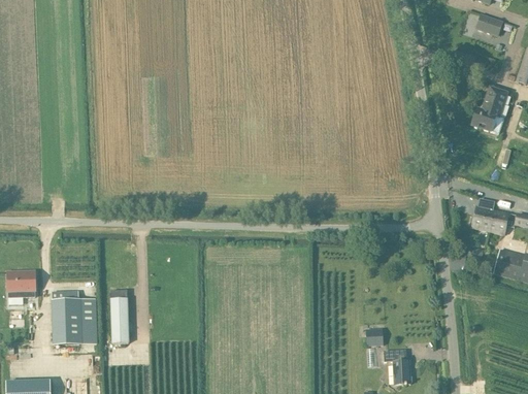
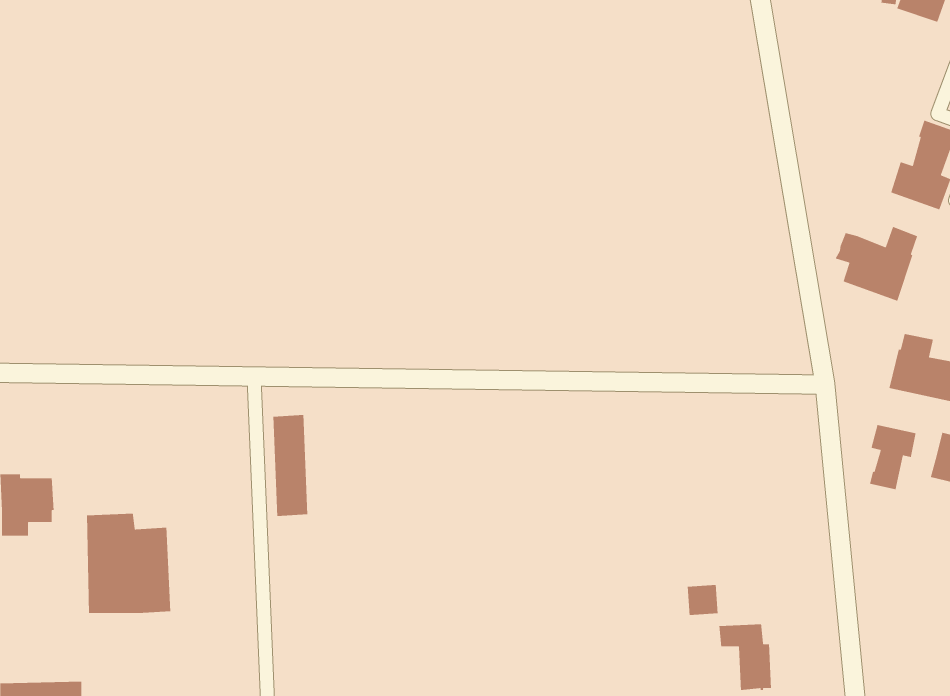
building: none -> [835,226,918,302]
building: none -> [869,424,917,490]
building: [110,289,129,342] -> [273,414,308,517]

